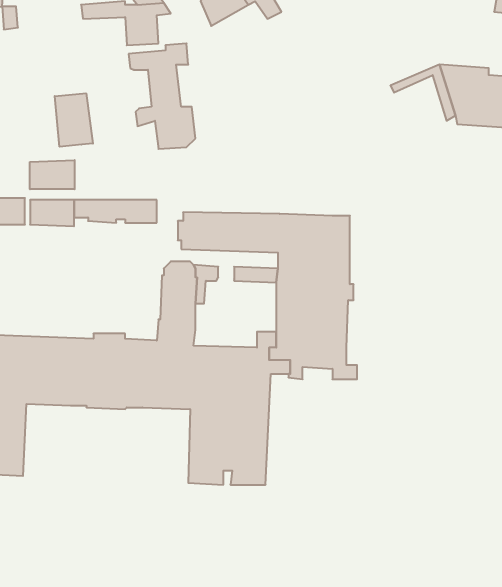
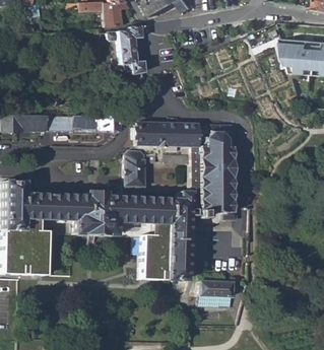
building: [55,93,93,147] -> none
building: [30,160,75,189] -> none
building: none -> [199,281,232,307]

